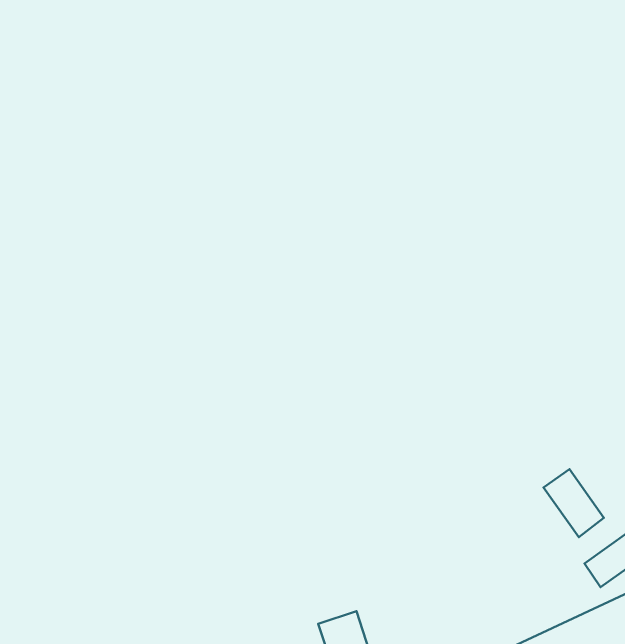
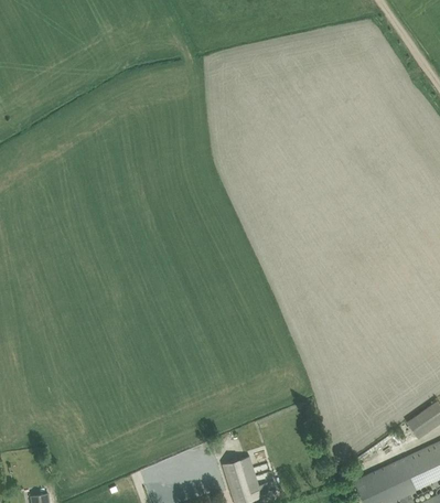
building: [543,469,604,537] -> none

